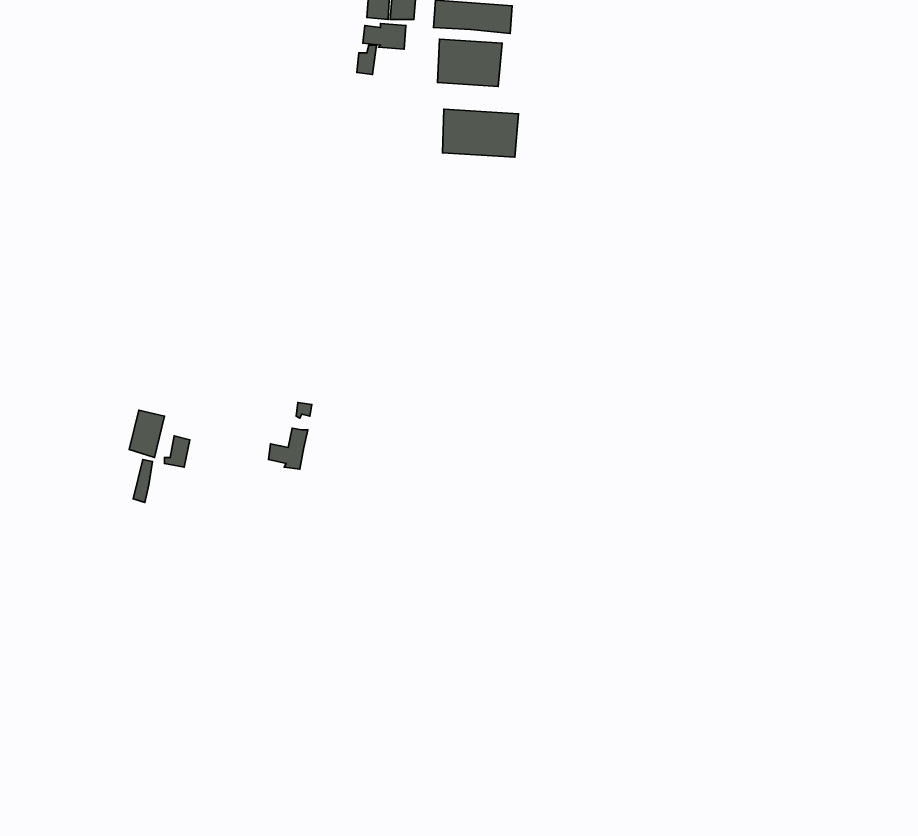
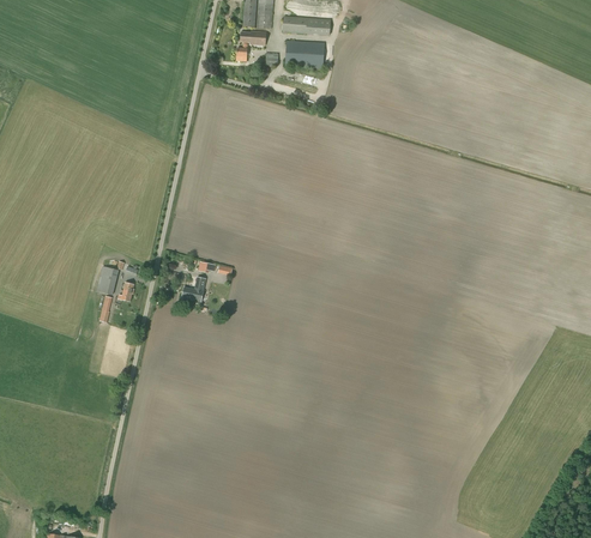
building: [443,109,519,157] -> none

